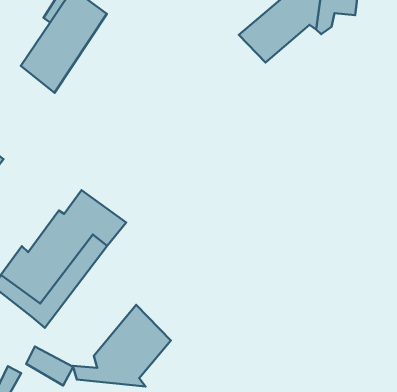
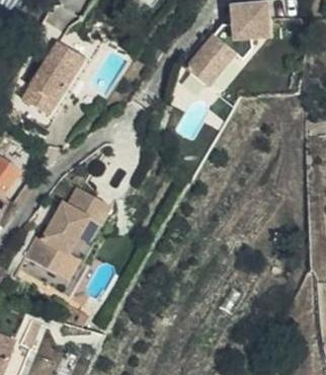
building: [73,305,171,386] -> none

